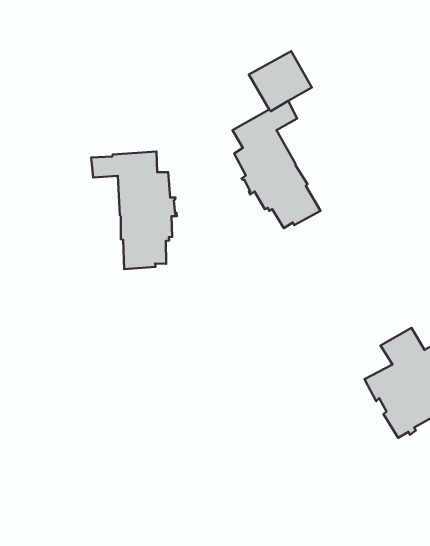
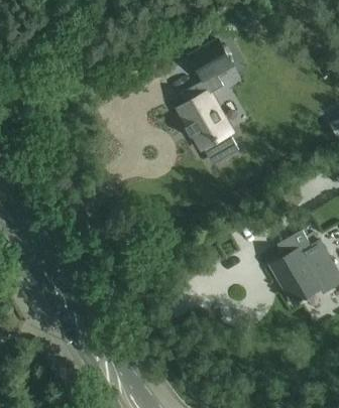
building: [91,151,177,269] -> none

